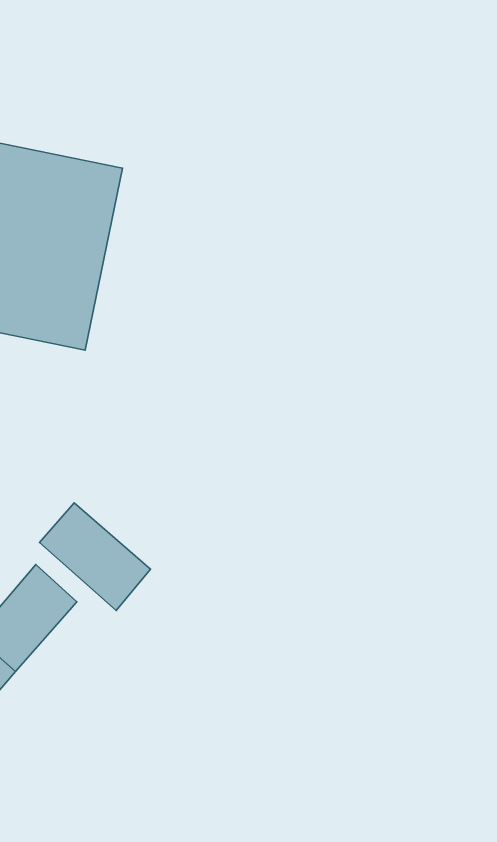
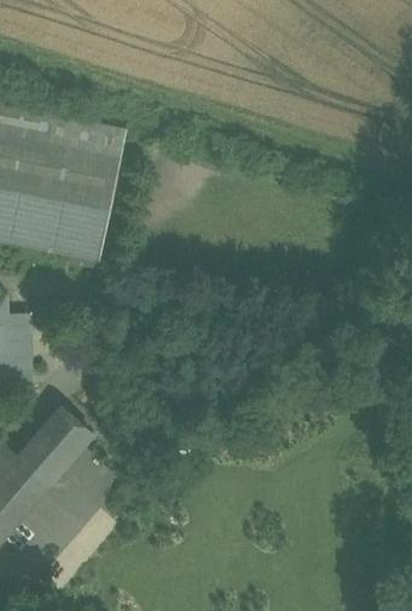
building: [40,503,150,611] -> none

